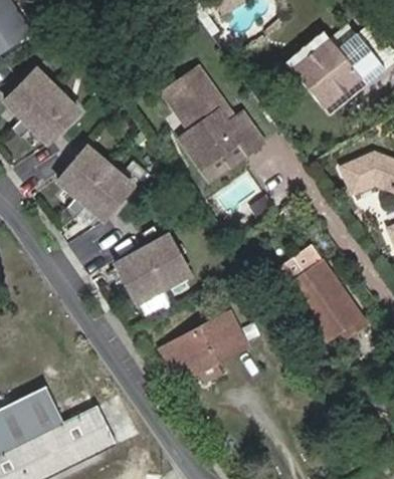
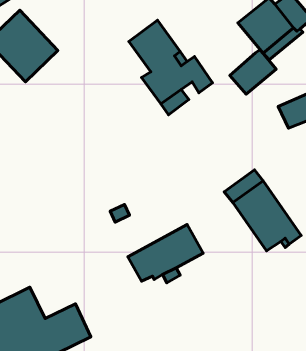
building: none -> [230,50,276,94]
building: [45,134,133,220] -> none
building: [105,226,184,297] -> none

